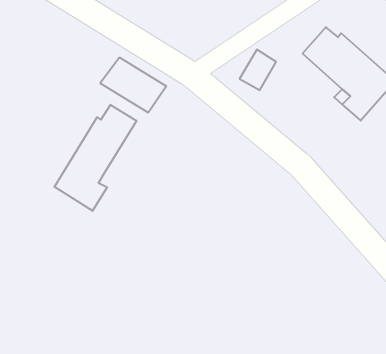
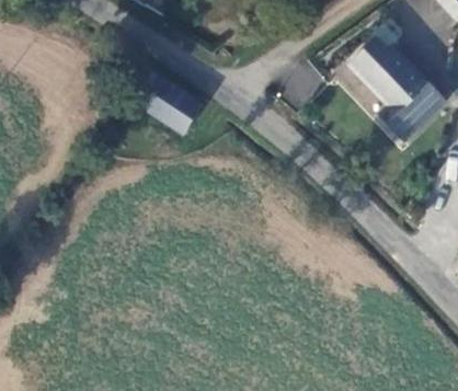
building: [54,105,136,211] -> none

